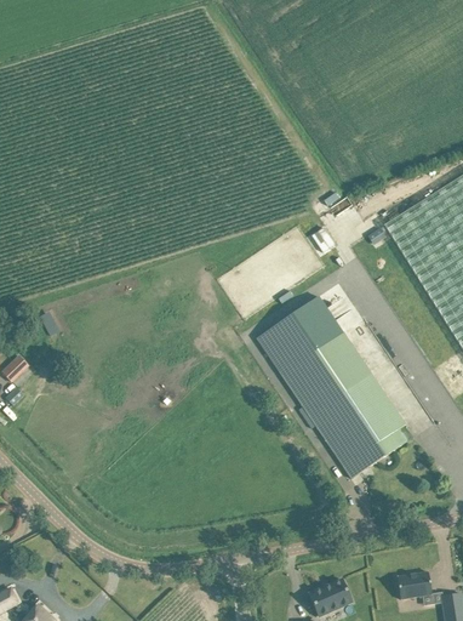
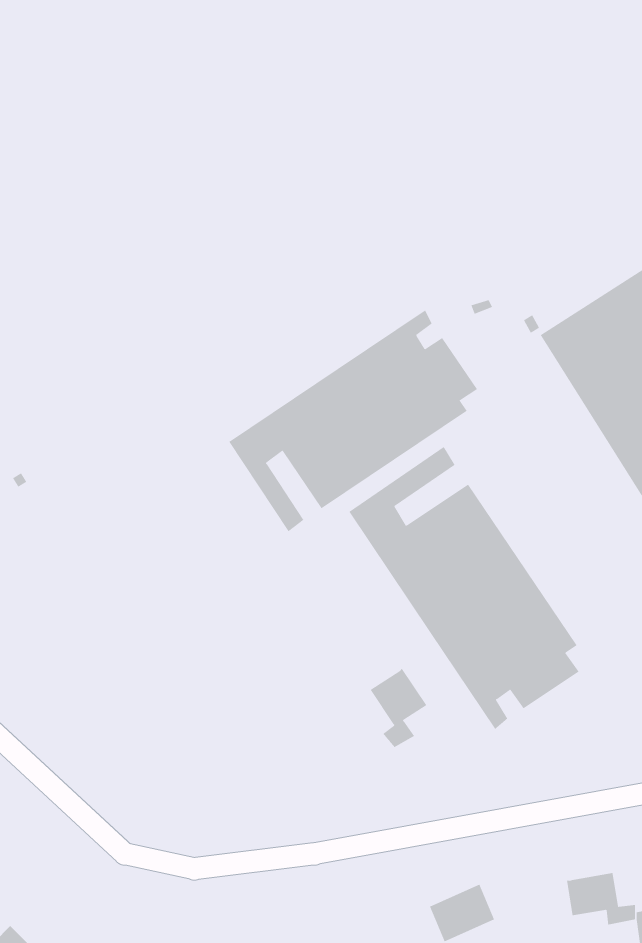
building: none -> [229,309,478,532]
building: none -> [370,668,427,748]

